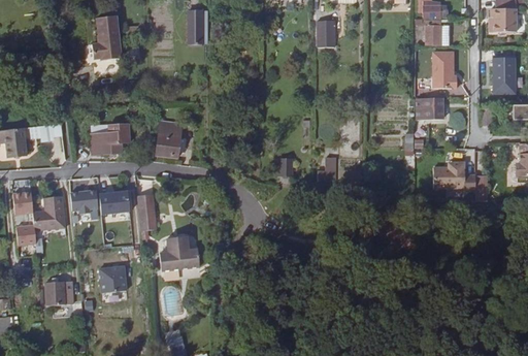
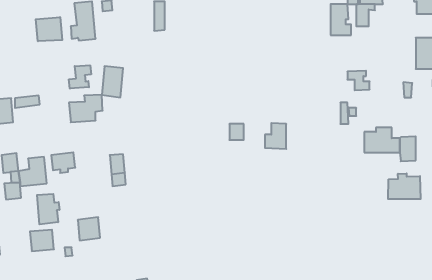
building: [316,20,333,46] -> none
building: none -> [36,17,62,41]
building: [433,51,457,87] -> [331,4,351,35]
building: none -> [69,65,91,89]
building: [155,121,179,157] -> [102,66,123,97]
building: [99,190,130,214] -> none
building: none -> [388,173,421,199]
building: [158,236,197,270] -> none
building: none -> [37,194,59,224]

